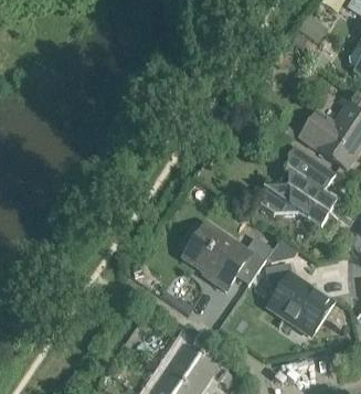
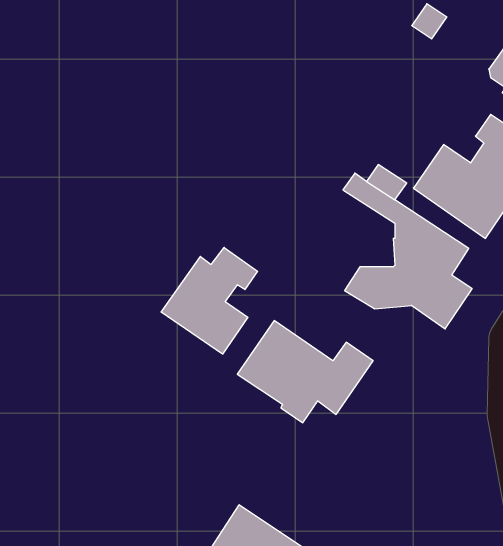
building: none -> [161,247,258,354]
building: [265,260,330,331] -> none

